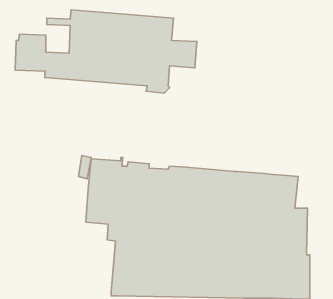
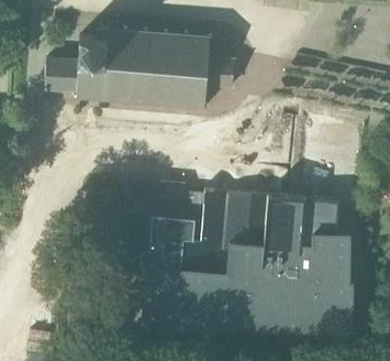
building: none -> [78,43,103,73]

